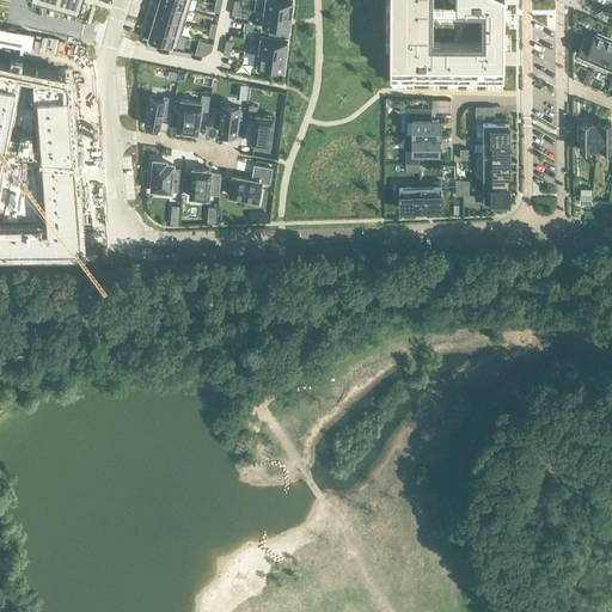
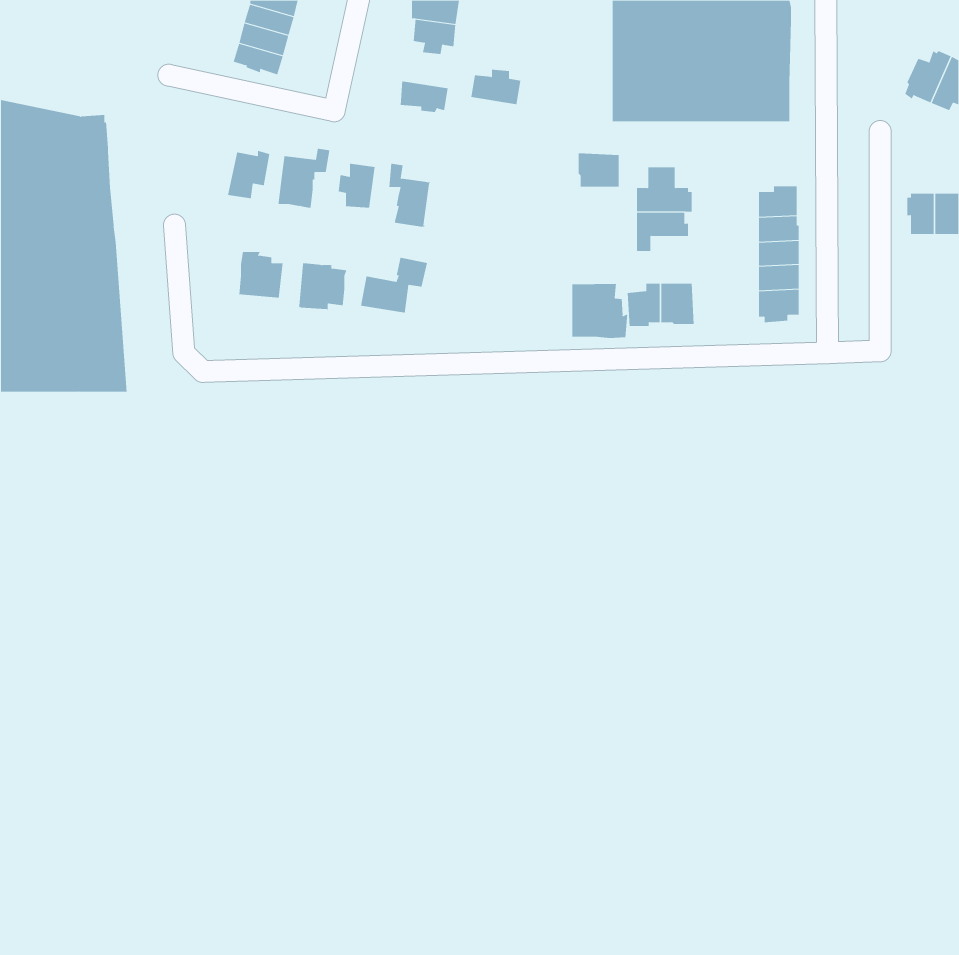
building: [256,36,288,59] -> [470,69,521,105]
building: none -> [578,153,619,187]
building: none -> [572,283,628,339]

